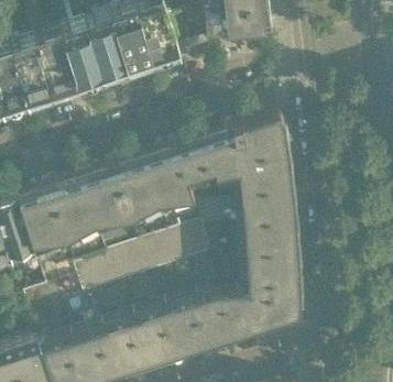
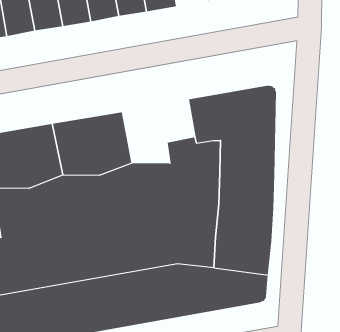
building: [140,141,210,207] -> none

